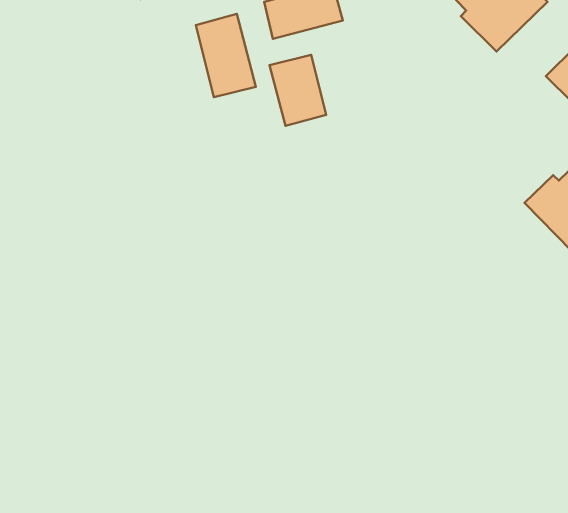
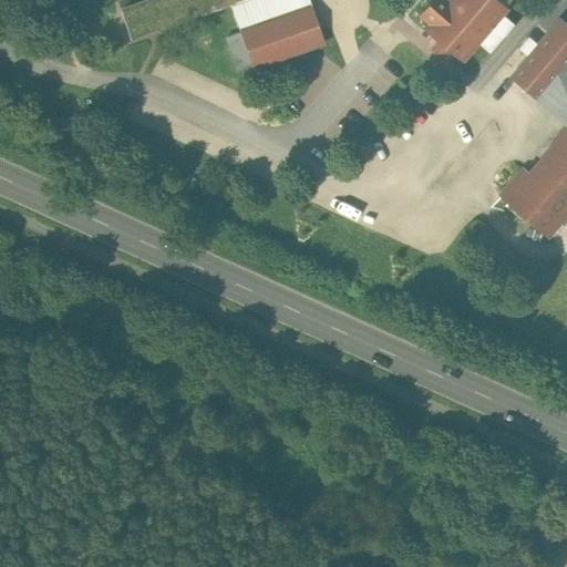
building: [196,14,256,97] -> none
building: [270,55,326,126] -> none

